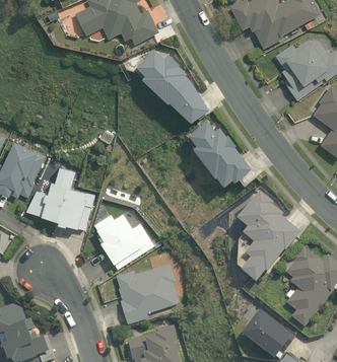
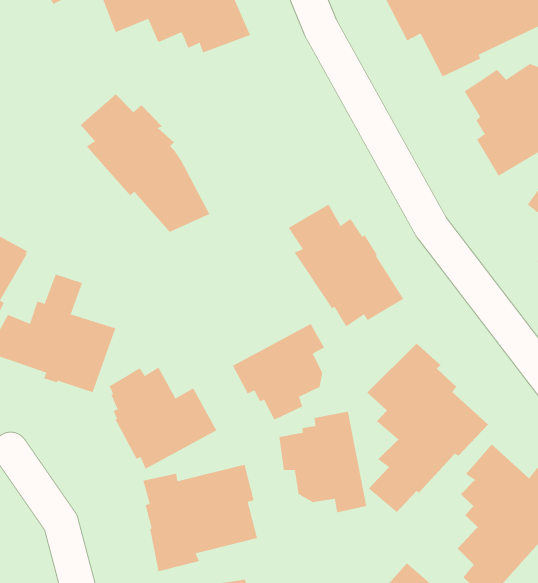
building: [134,49,207,122] -> [80,94,210,232]
building: none -> [232,323,325,420]
building: none -> [279,411,367,513]

